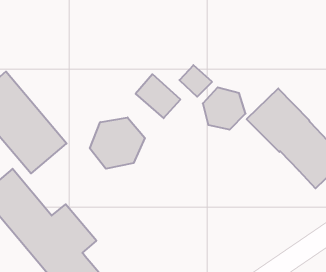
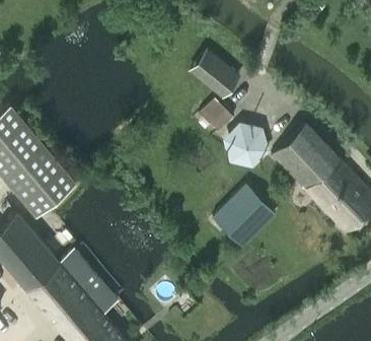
building: [136,74,180,118] -> [194,51,242,98]
building: [90,117,145,169] -> none
building: none -> [213,185,277,249]

